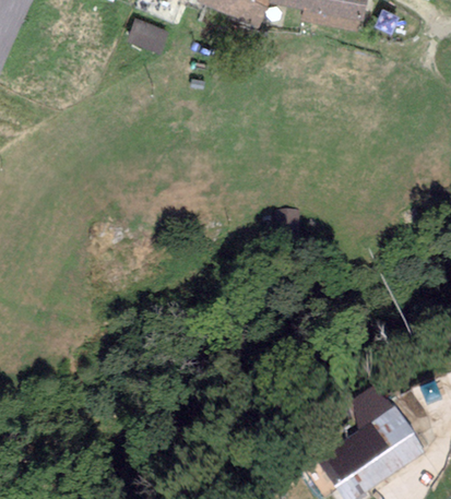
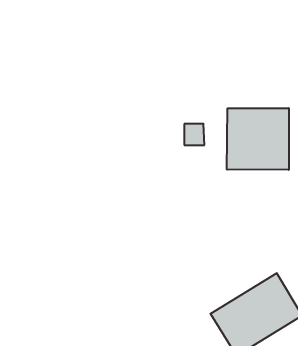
building: none -> [227,108,289,170]

